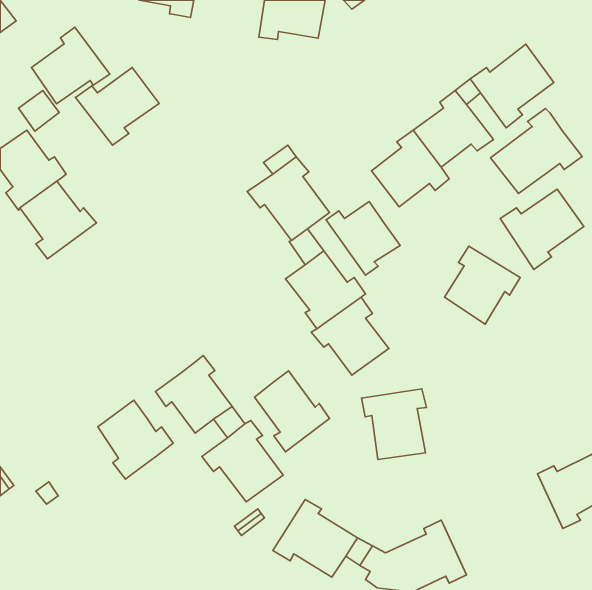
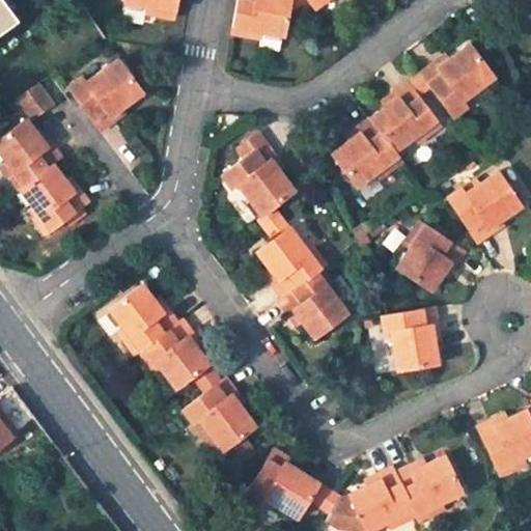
building: [32,27,110,104] -> none
building: [490,108,582,194] -> none
building: [326,202,400,275] -> none
building: [255,371,330,452] -> none
building: [362,389,427,460] -> [383,307,441,370]
building: [98,400,173,479] -> [110,286,177,357]
building: none -> [397,455,466,521]

